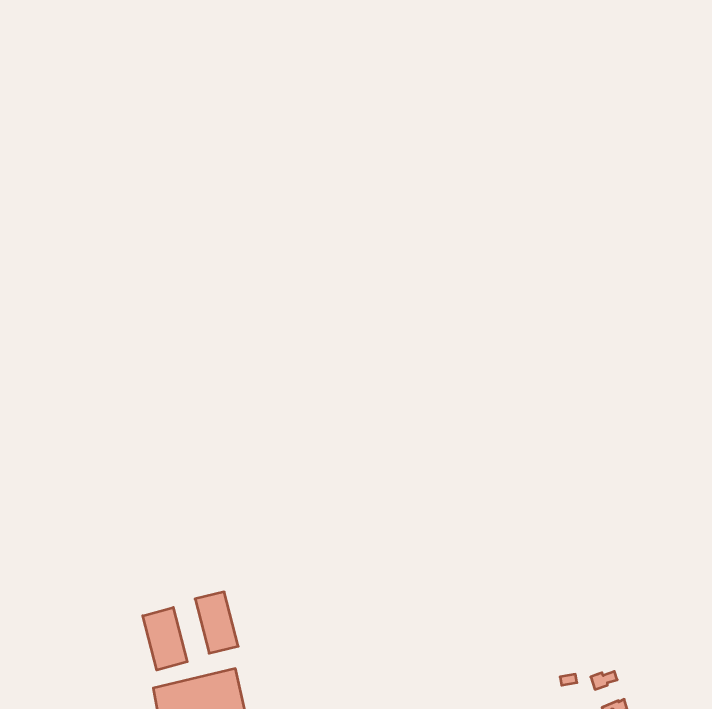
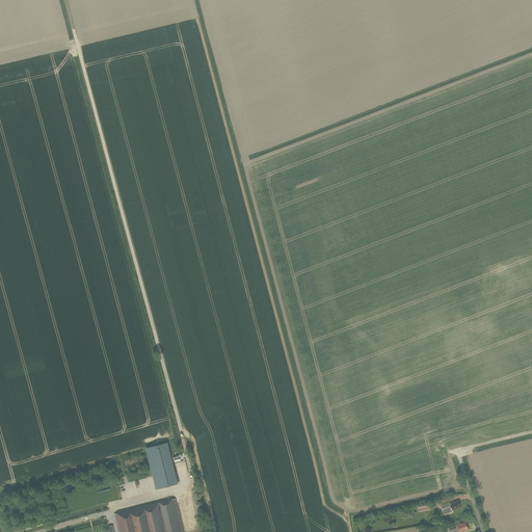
building: [143,607,187,670] -> none

